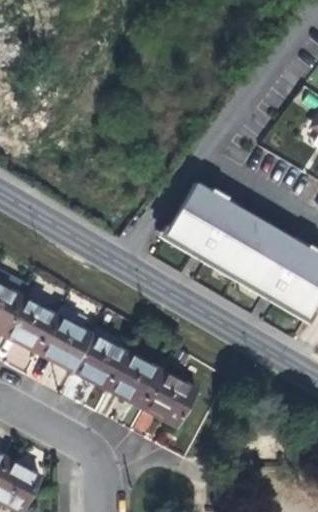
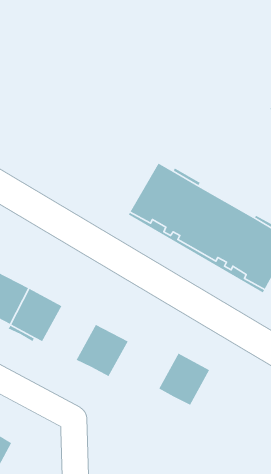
building: [72,332,128,389] -> none
building: [142,369,197,425] -> [158,353,210,406]

